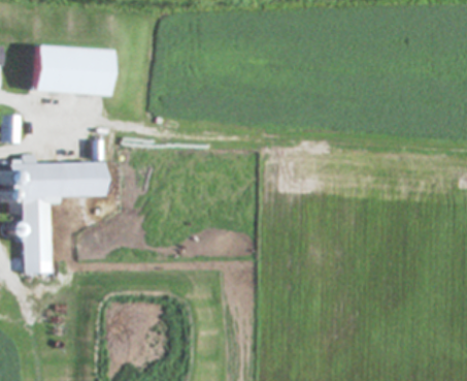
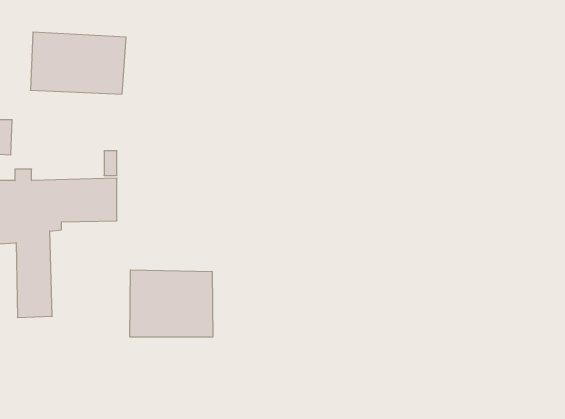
building: none -> [130,270,213,337]

